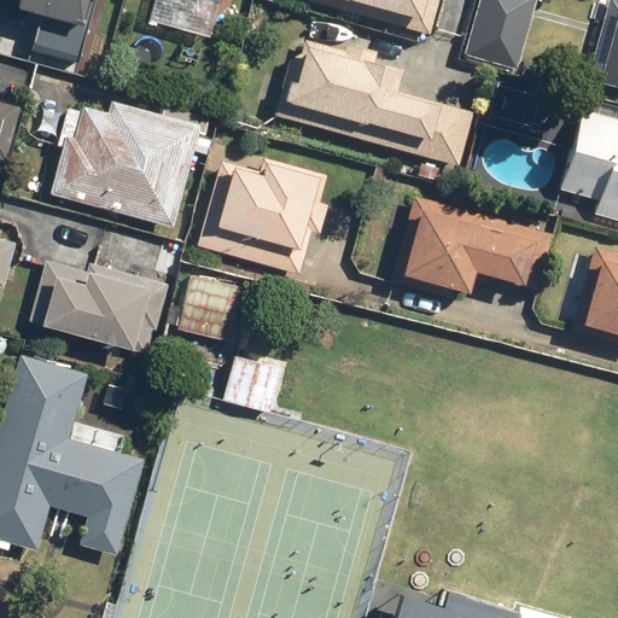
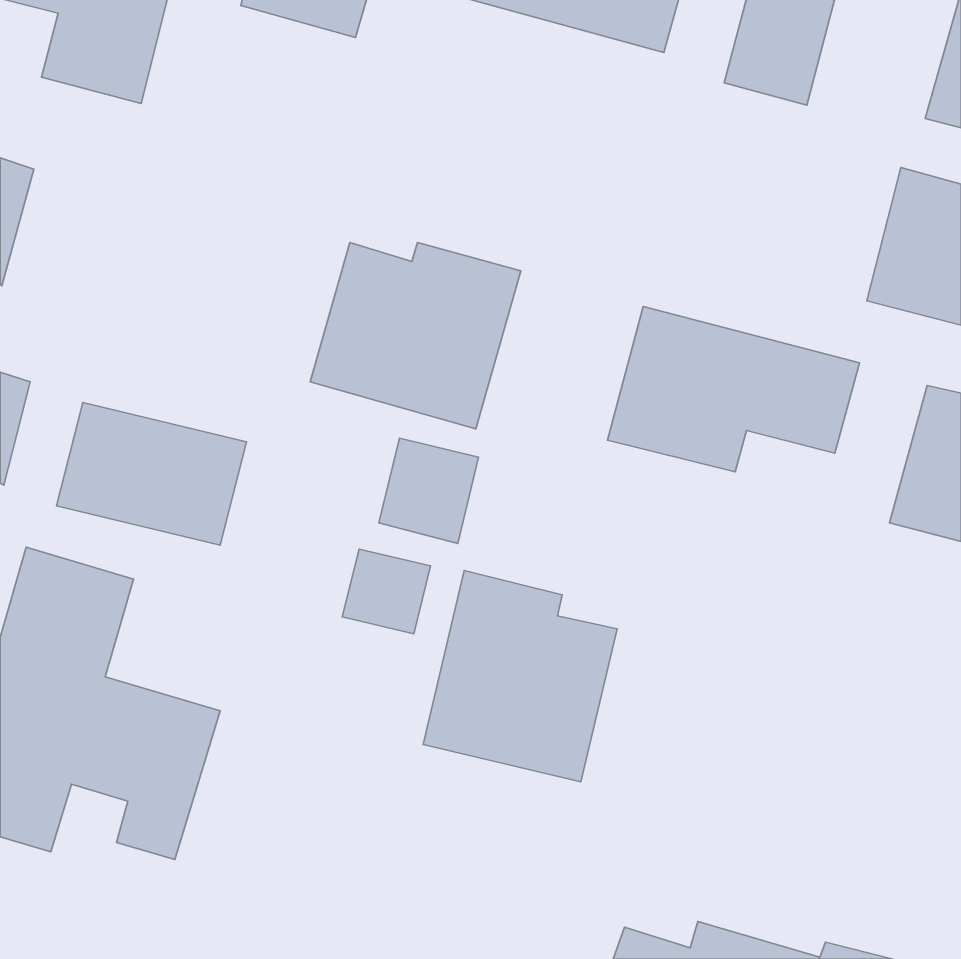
building: [280,40,478,168] -> none
building: [51,98,200,228] -> none
building: [173,272,237,339] -> [379,438,479,544]
building: none -> [423,570,617,782]

